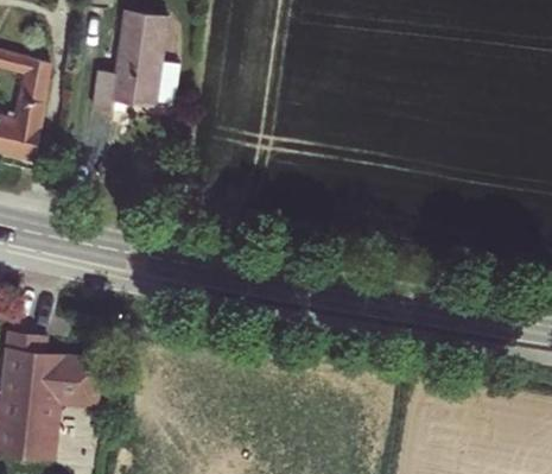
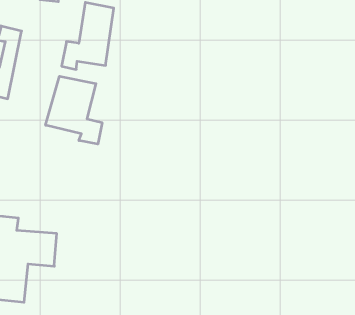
building: none -> [46,76,102,144]

